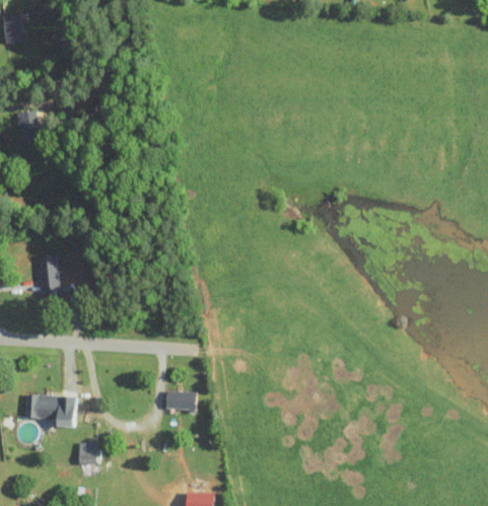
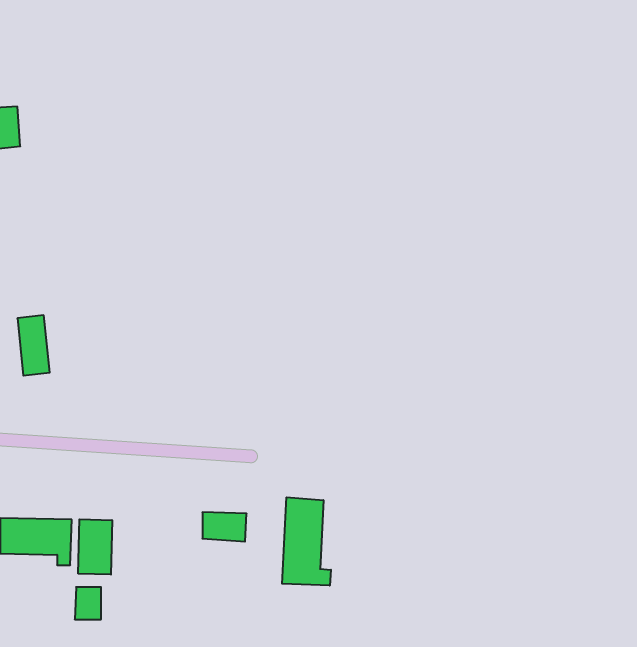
building: none -> [282,497,331,586]
building: none -> [78,519,112,575]

